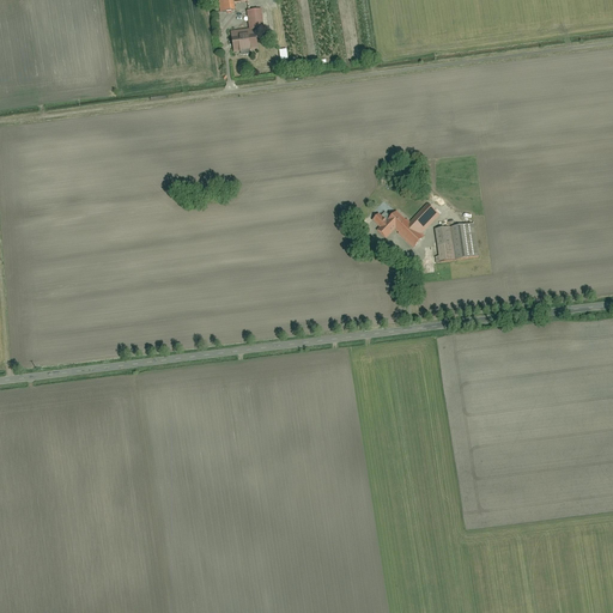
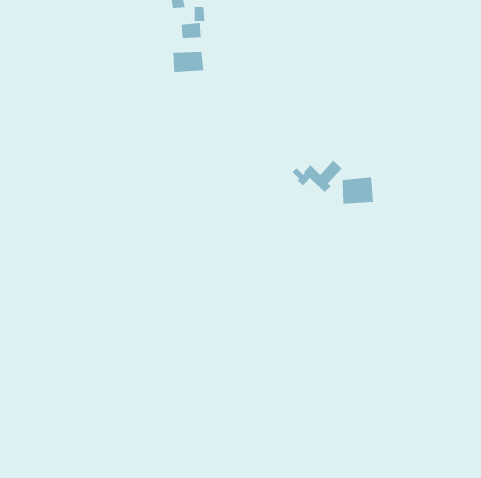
building: none -> [173,51,204,73]

